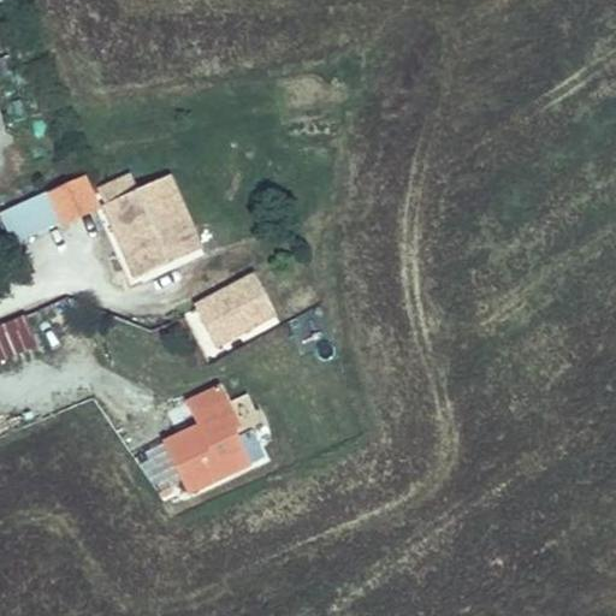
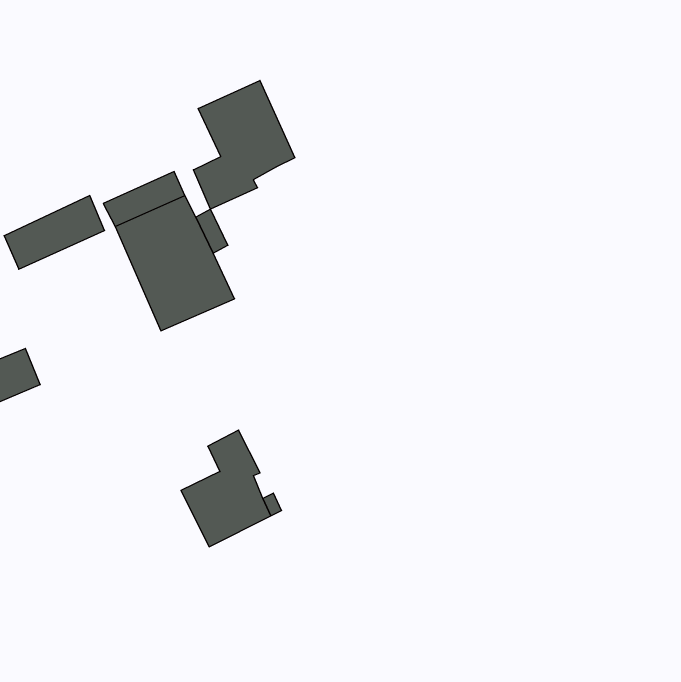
building: none -> [193,80,295,209]
building: [192,277,272,345] -> none

